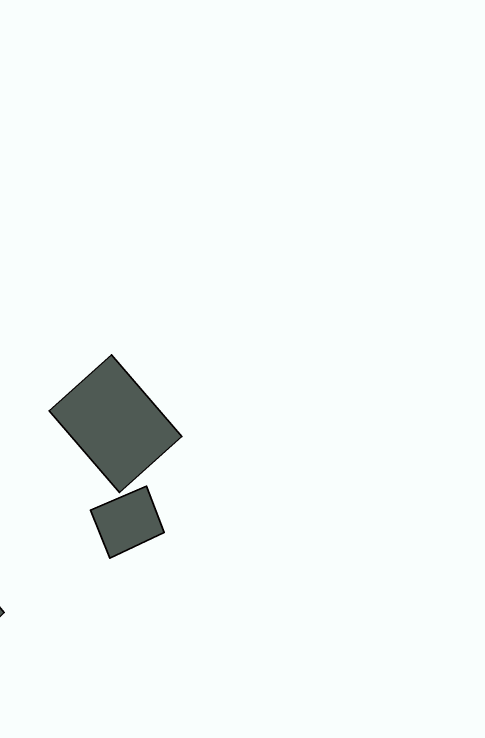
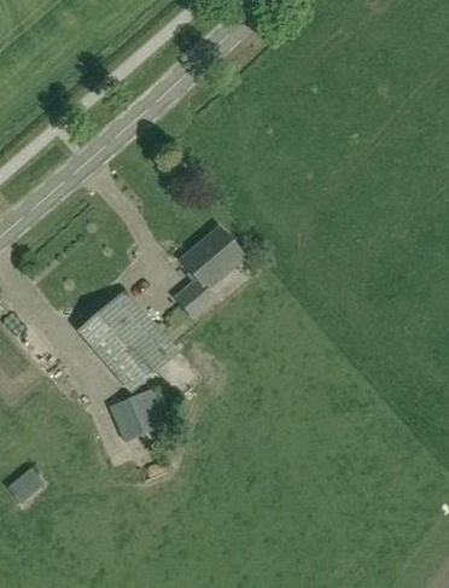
building: none -> [175,228,244,320]

